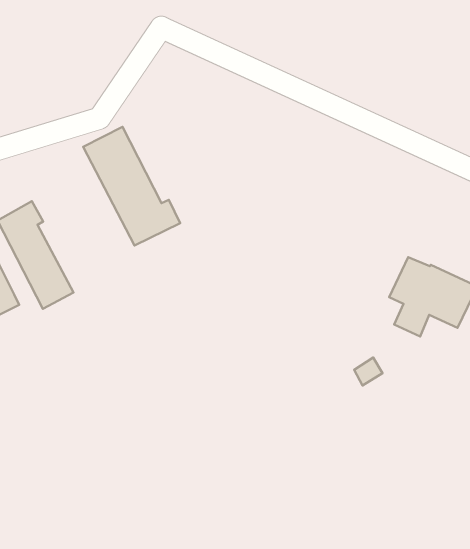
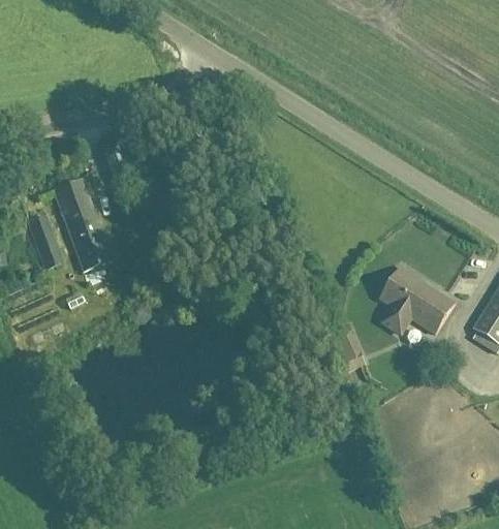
building: [83,127,180,246] -> none

